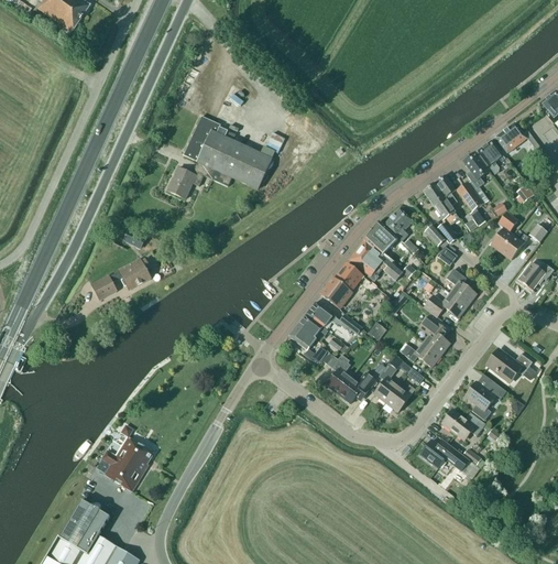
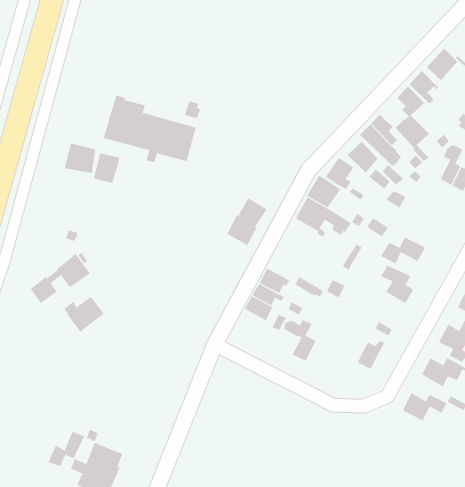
building: none -> [64,142,96,174]
building: none -> [347,141,378,173]
building: [321,263,363,308] -> [227,197,267,246]
building: [446,269,477,306] -> none
building: none -> [63,296,104,332]
building: [401,341,440,367] -> none
building: [374,355,401,403] -> none
building: [338,371,376,403] -> none
building: none -> [48,431,85,467]

